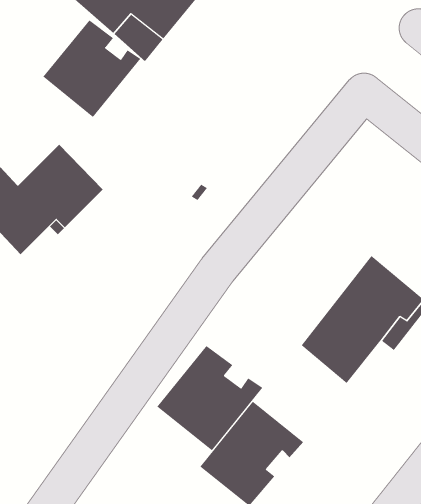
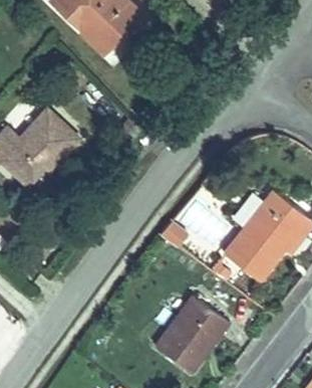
building: [43,20,141,118] -> none
building: [156,345,263,451] -> none

